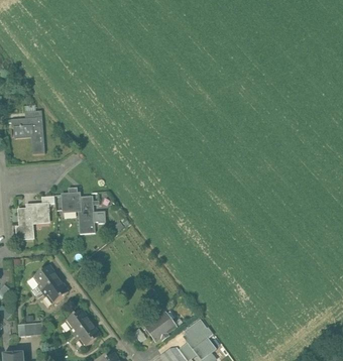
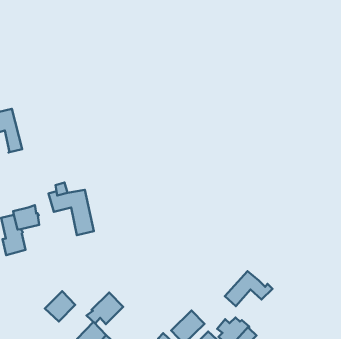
building: [27,264,60,290] -> [87,293,123,324]
building: none -> [225,271,272,306]

